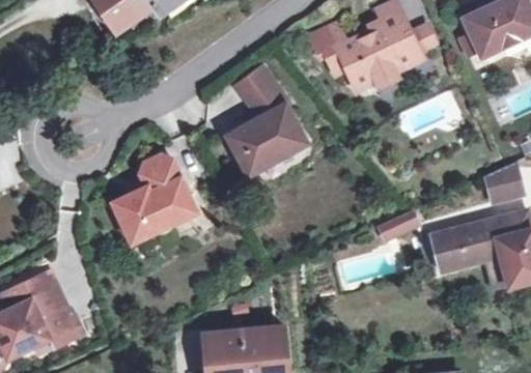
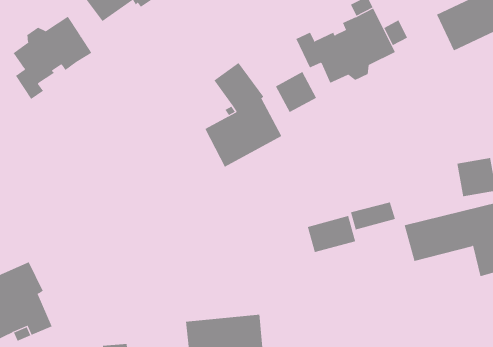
building: none -> [13,16,92,100]
building: none -> [275,71,317,113]
building: [111,154,195,242] -> none
building: none -> [307,215,356,253]

